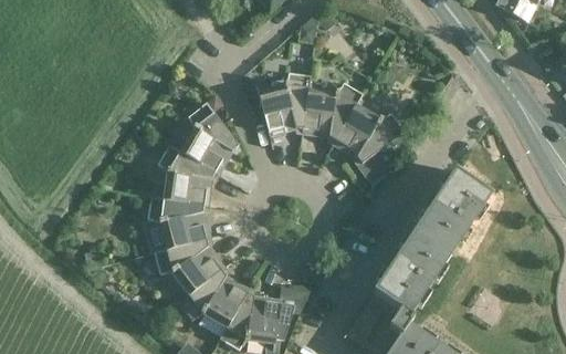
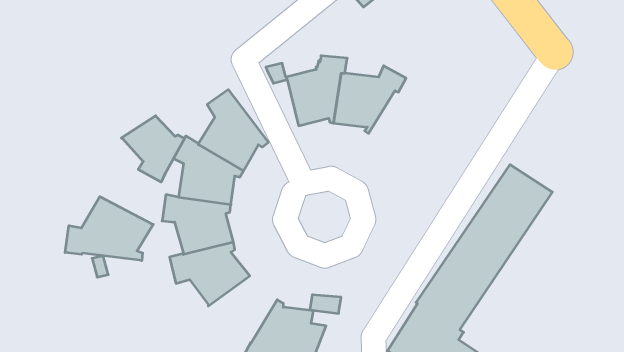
building: [331,103,411,181] -> none
building: none -> [121,116,184,182]
building: none -> [65,197,153,261]
building: [178,267,250,326] -> none

